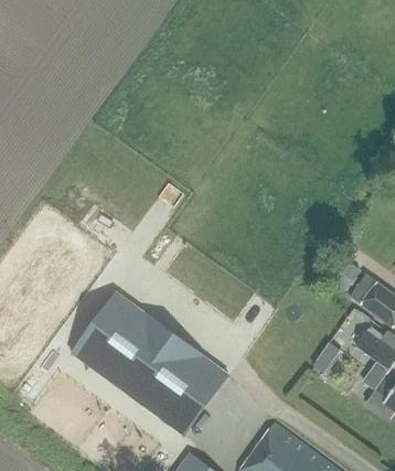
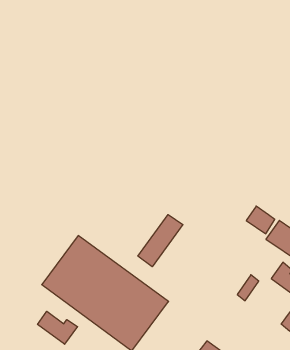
building: none -> [138,215,183,267]
building: none -> [38,311,78,344]

